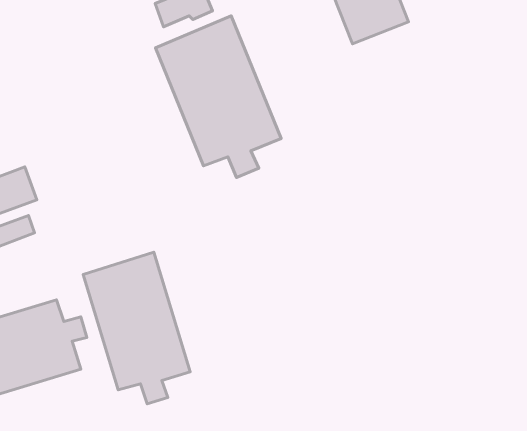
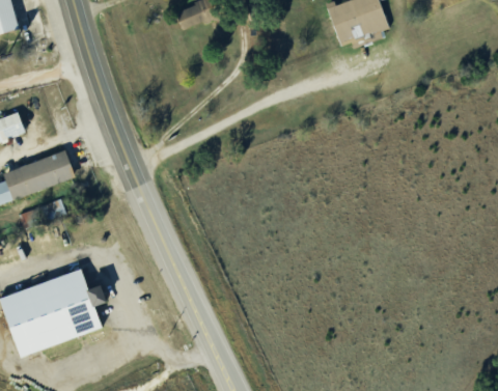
building: [156,16,281,178] -> none
building: [83,252,190,404] -> none

